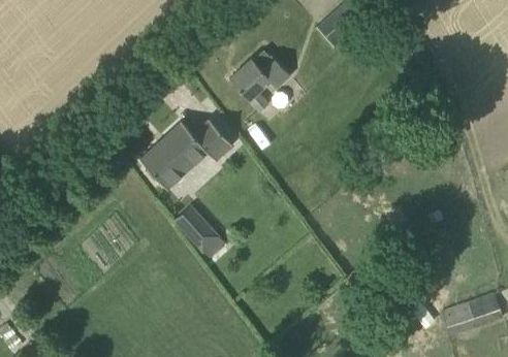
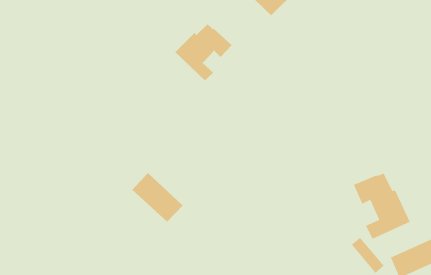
building: [139,120,230,190] -> none
building: none -> [353,173,411,240]

